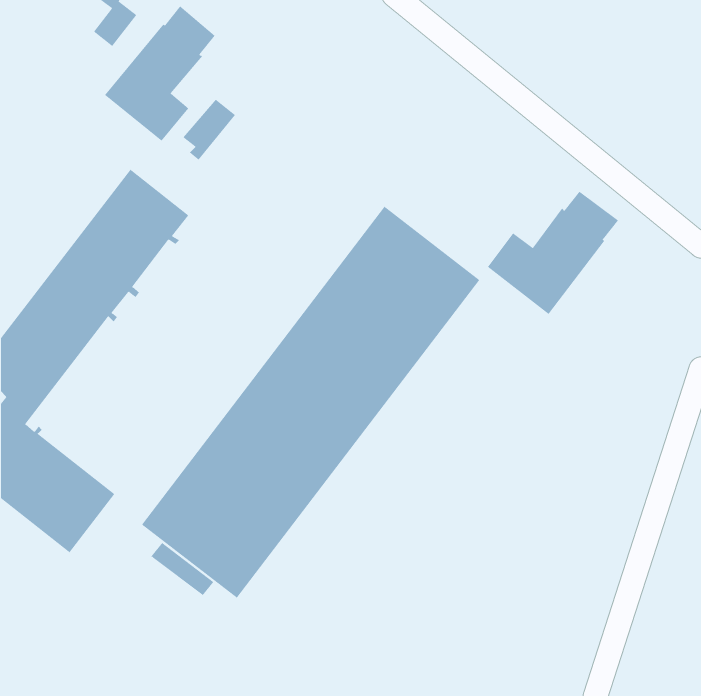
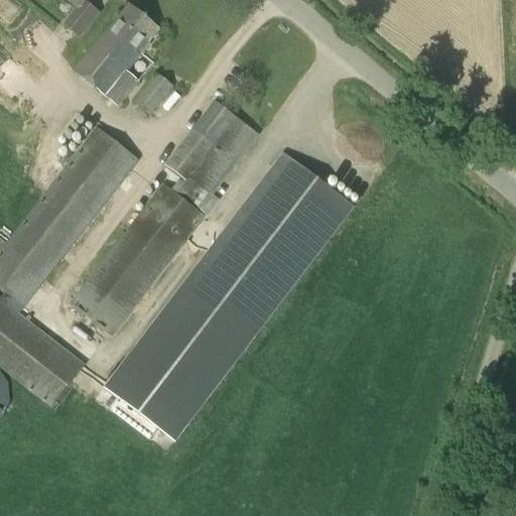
building: none -> [69,99,259,336]
building: [487,191,619,315] -> none

